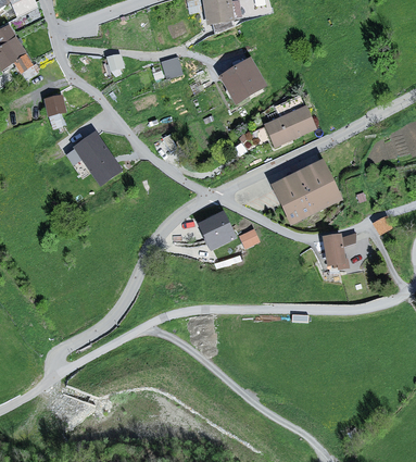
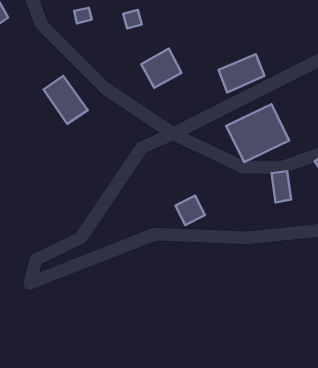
building: [222,61,266,104] -> [141,48,182,88]
building: [43,93,65,126] -> none
building: [200,212,232,245] -> [175,196,205,225]

